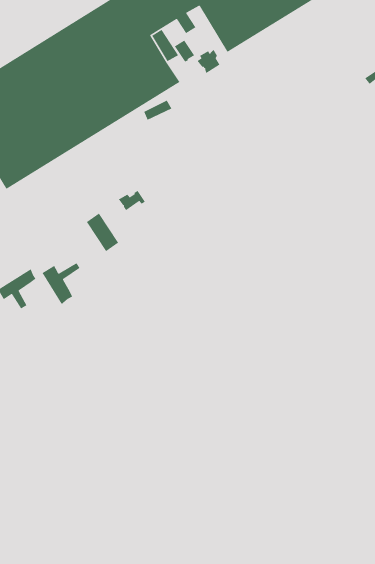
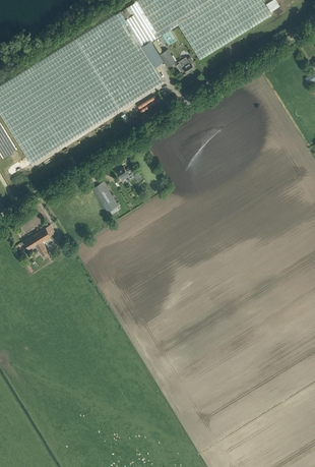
building: [42,262,81,305] -> none

